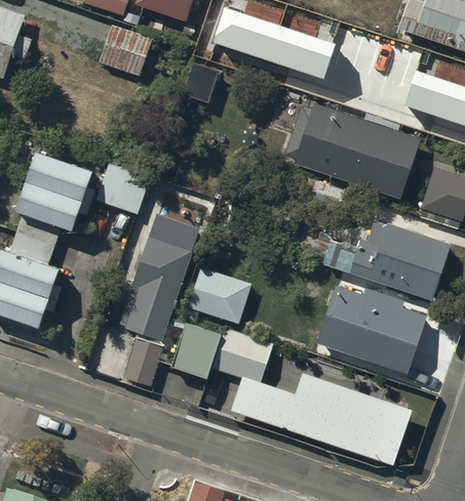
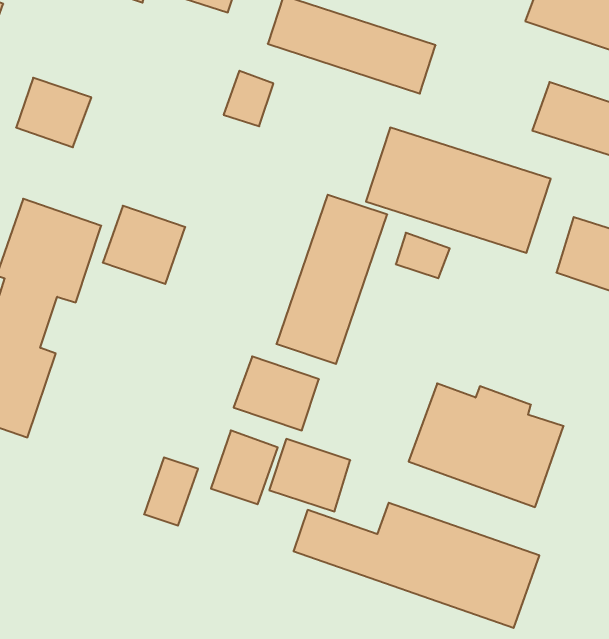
building: [99,25,153,75] -> [16,78,91,147]
building: [119,215,199,337] -> [276,195,387,364]
building: [322,224,449,297] -> none

